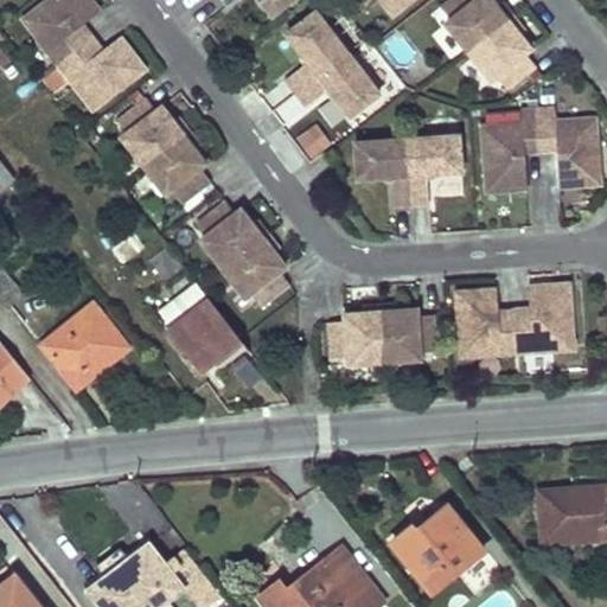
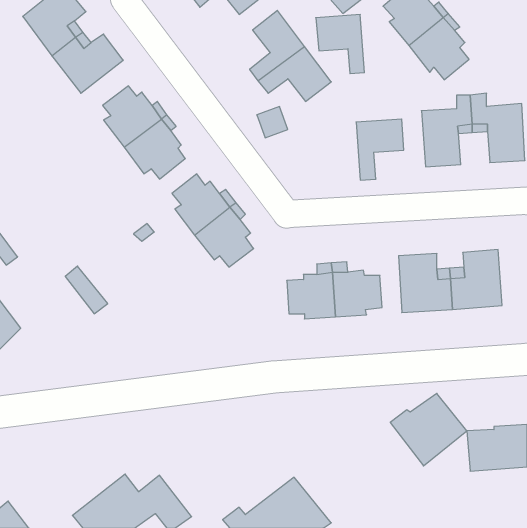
building: [357,140,413,207] -> [316,15,364,74]
building: [164,300,239,373] -> none
building: [38,317,108,388] -> none
building: [389,506,477,589] -> [390,393,467,466]

